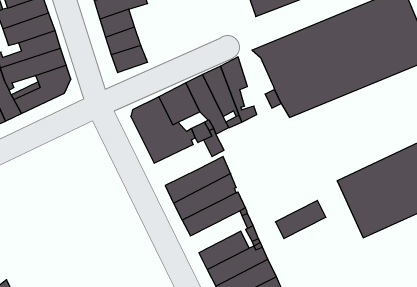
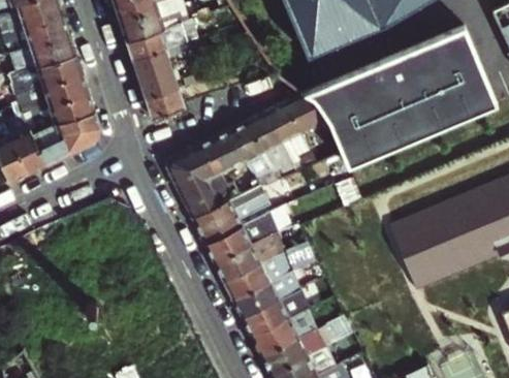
building: none -> [285,93,324,145]
building: none -> [192,200,253,243]
building: [275,200,326,239] -> [232,275,288,317]

